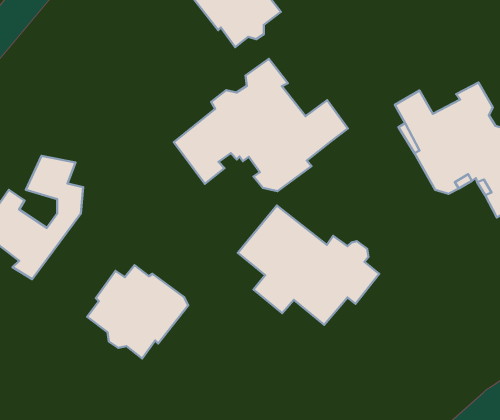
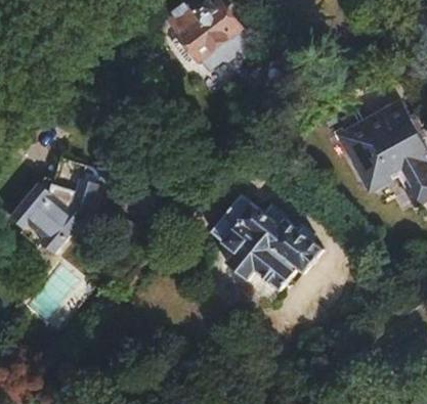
building: [174,59,348,191] -> none
building: [87,265,188,358] -> none

